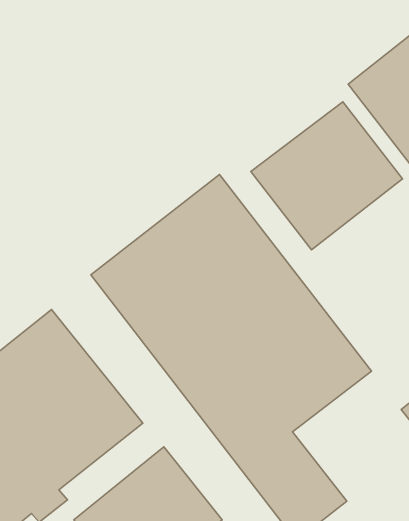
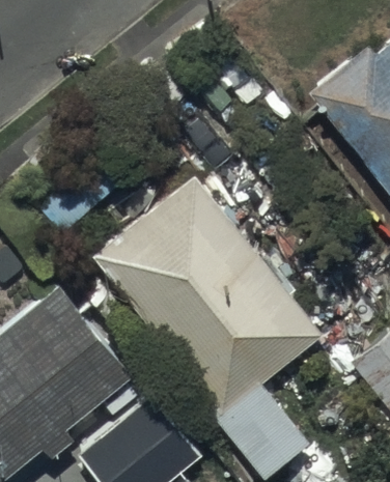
building: [251,102,402,250] -> none

